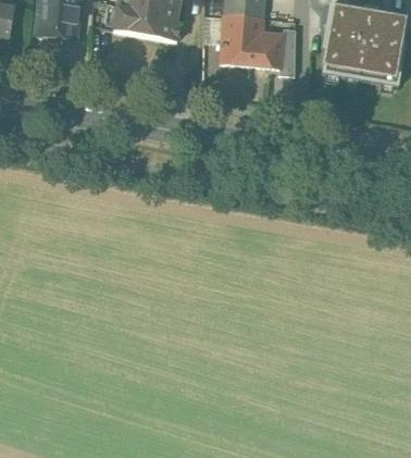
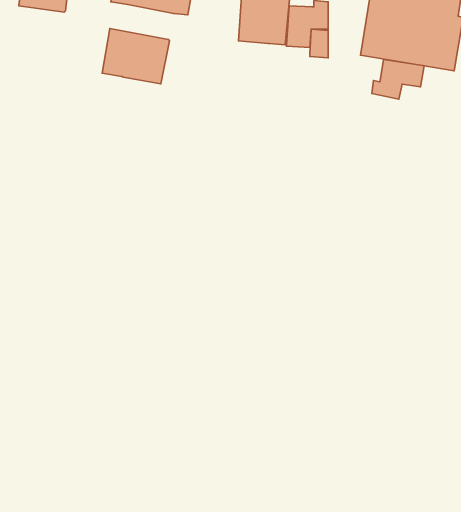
building: none -> [102,29,170,84]
building: none -> [372,60,424,99]

